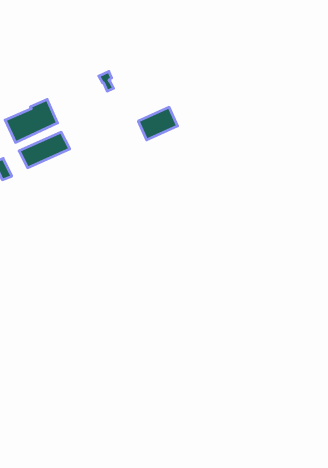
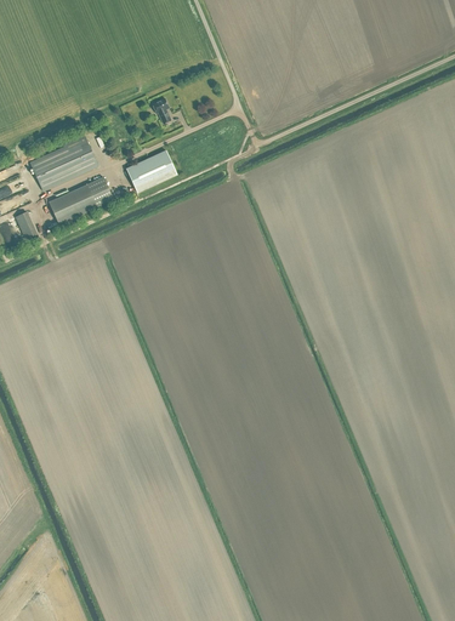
building: [138,107,178,140] -> [125,149,176,192]

